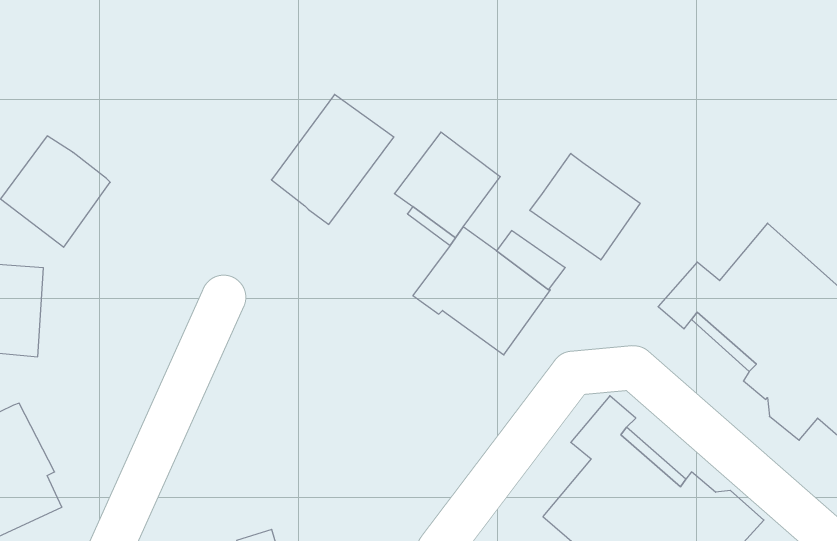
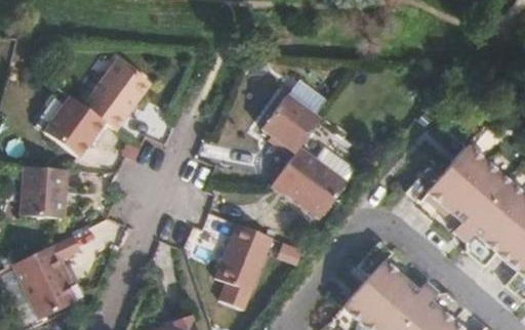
building: [271,94,394,224] -> [83,59,151,131]
building: [530,153,640,260] -> none
building: none -> [216,224,273,293]

